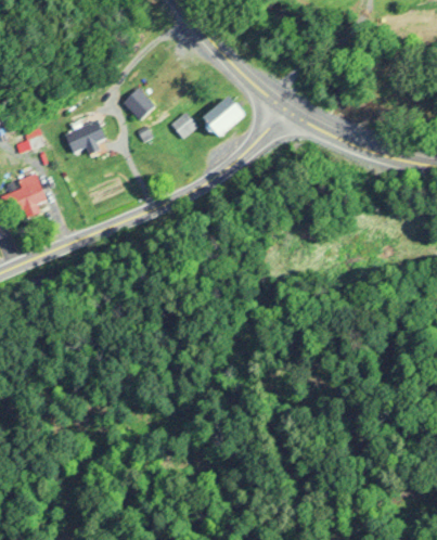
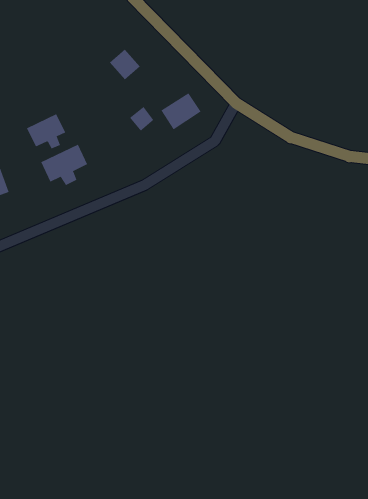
building: [123,88,155,120] -> [109,49,141,80]
building: none -> [41,144,88,186]

